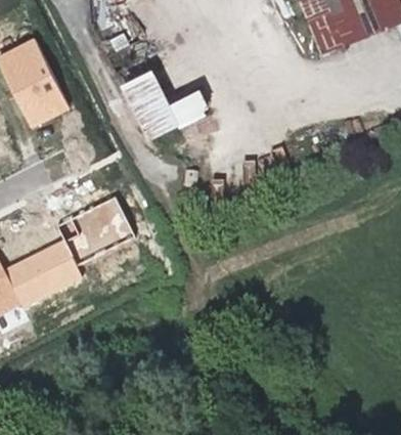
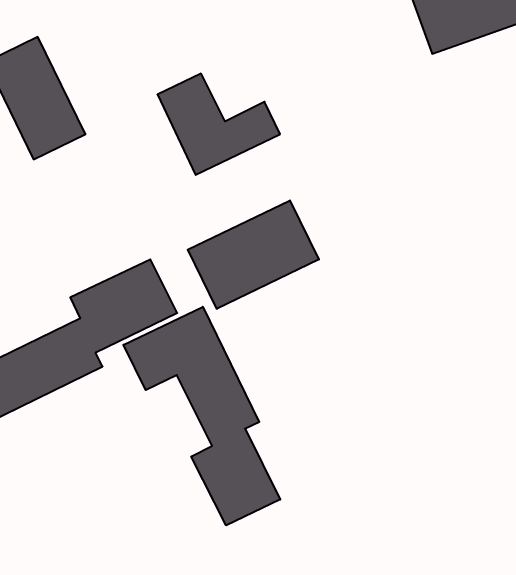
building: none -> [188,200,319,309]
building: none -> [123,307,280,525]

